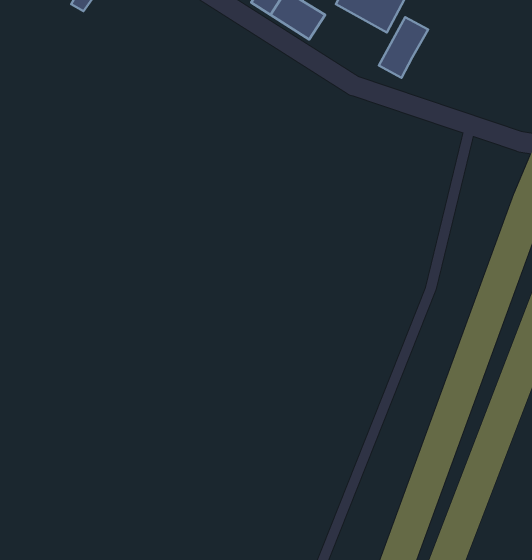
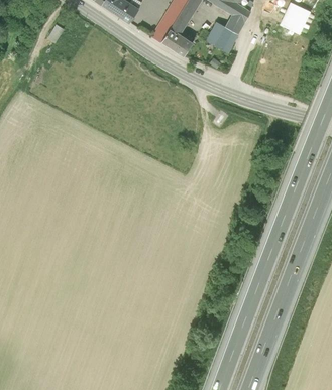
building: [379,17,428,78] -> none

